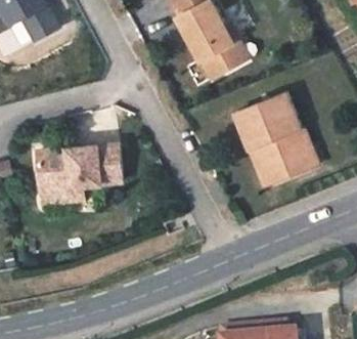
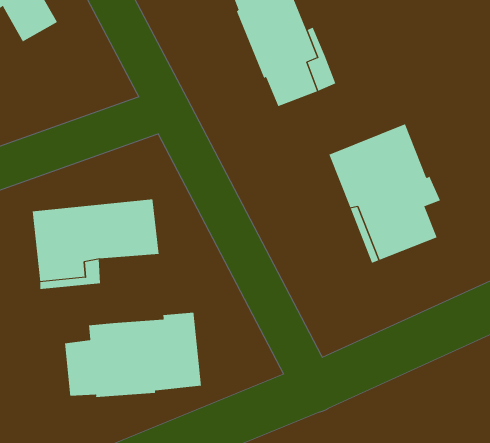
building: none -> [64,312,201,398]

